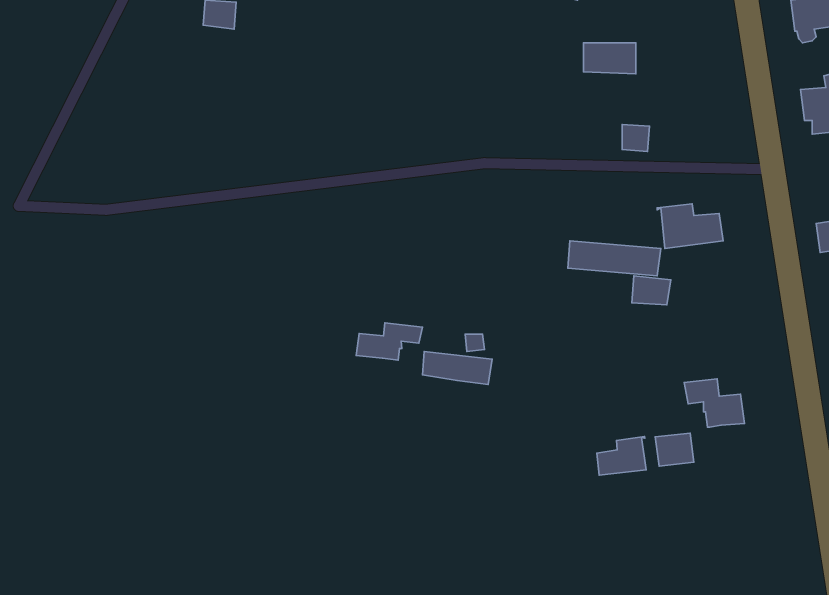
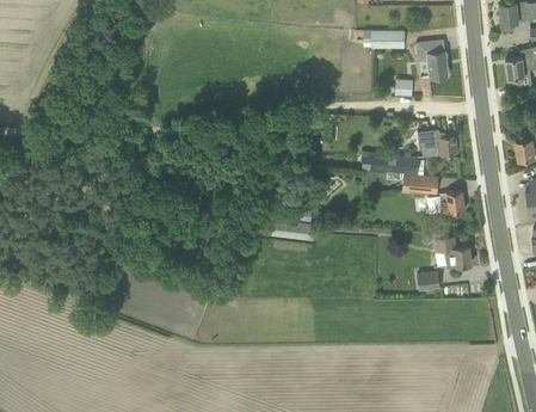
building: none -> [415,39,448,78]
building: none -> [429,190,464,213]
building: [356,323,422,360] -> none
building: [597,437,646,475] -> none

